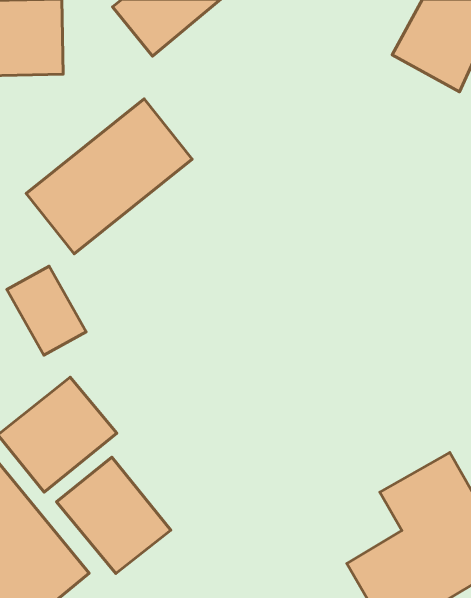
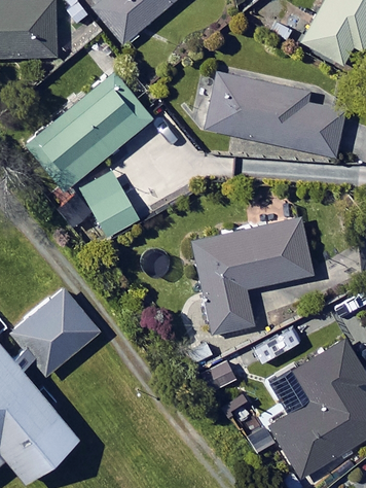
building: none -> [202,71,351,159]
building: [7,266,86,355] -> [81,173,141,240]
building: none -> [192,219,313,334]
building: [57,457,171,574] -> none

